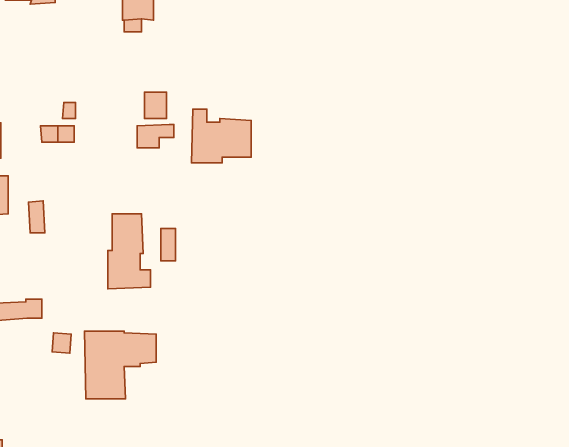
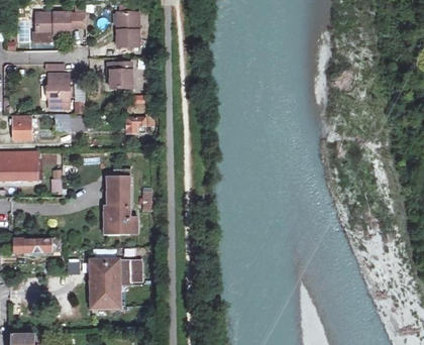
building: none -> [107,63,131,88]
building: none -> [47,75,69,102]
building: [192,109,251,163] -> none

